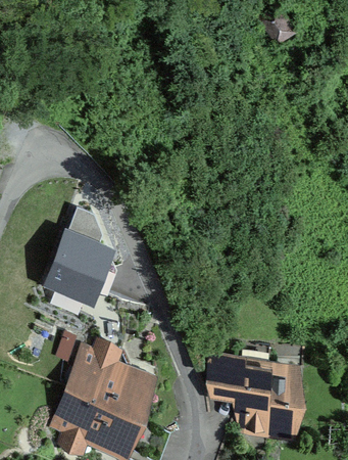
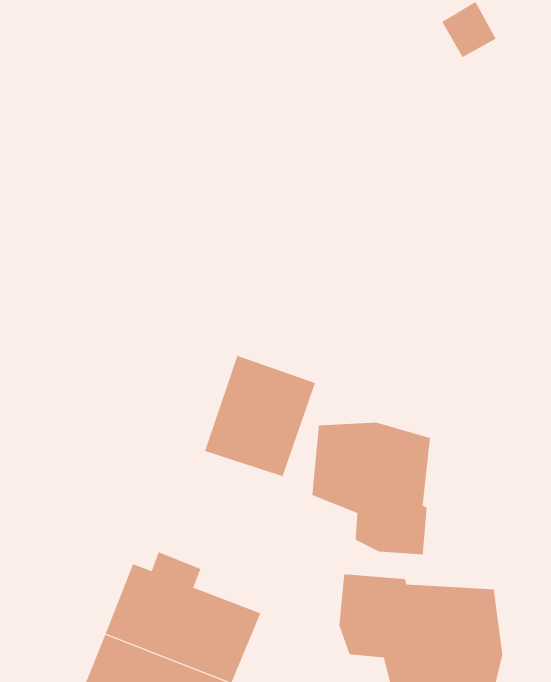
building: [48,229,114,302] -> [204,355,316,477]
building: none -> [312,422,431,555]

